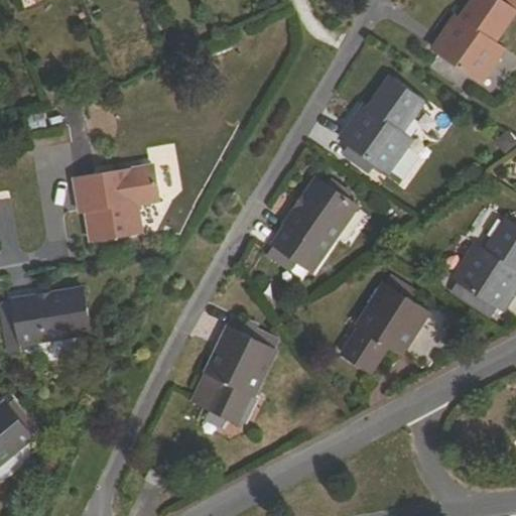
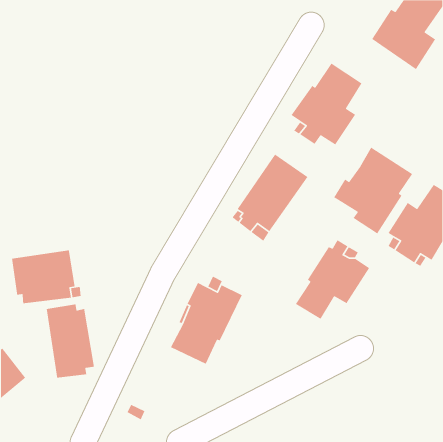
building: [74,169,156,242] -> none
building: none -> [333,147,413,234]
building: none -> [46,304,95,379]

